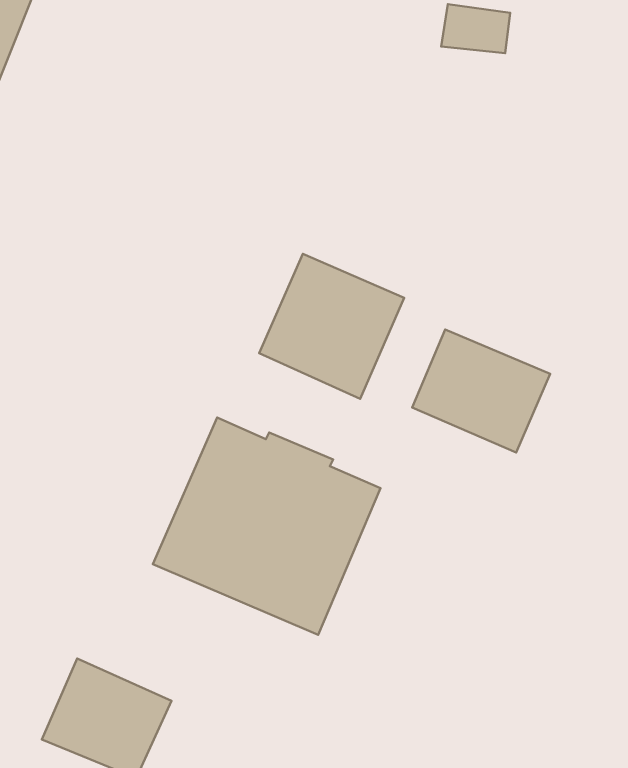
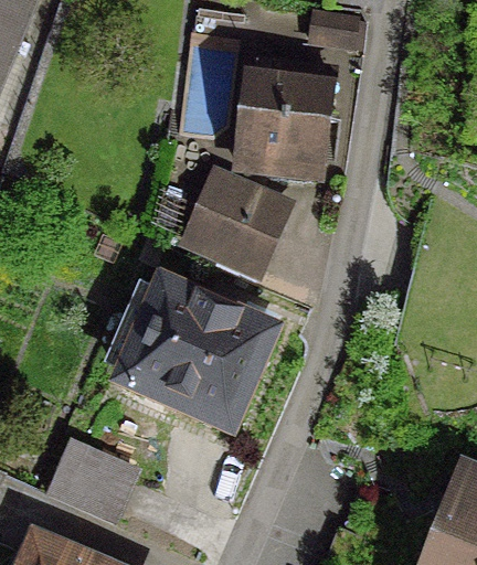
building: none -> [232,65,326,173]
building: [412,330,550,453] -> none

